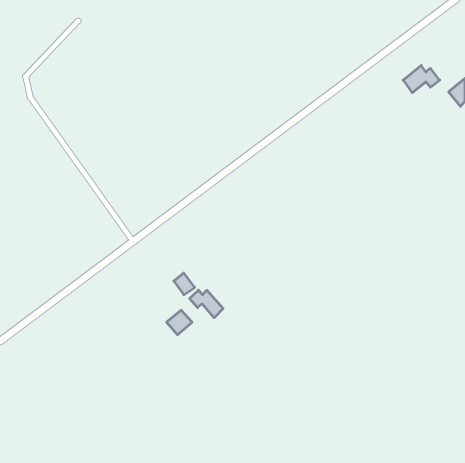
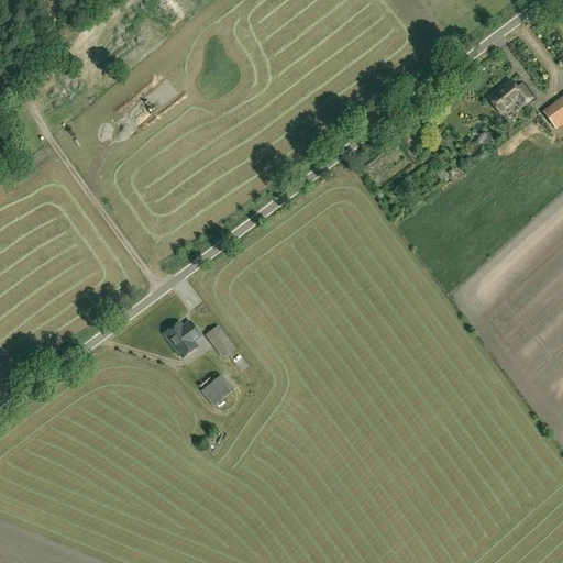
building: none -> [164,320,201,357]
building: [190,290,223,318] -> none

